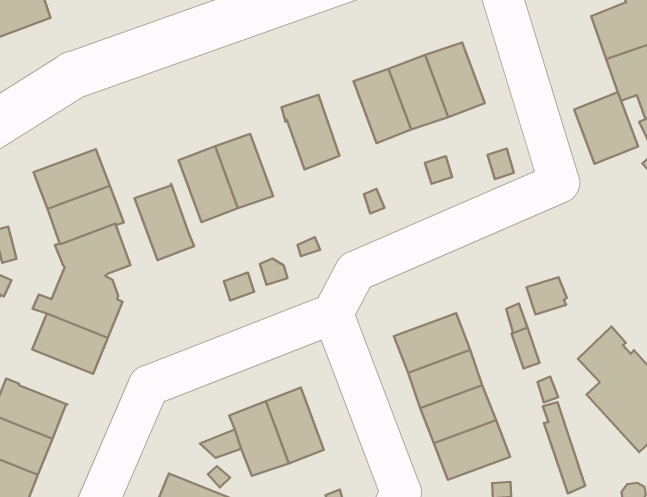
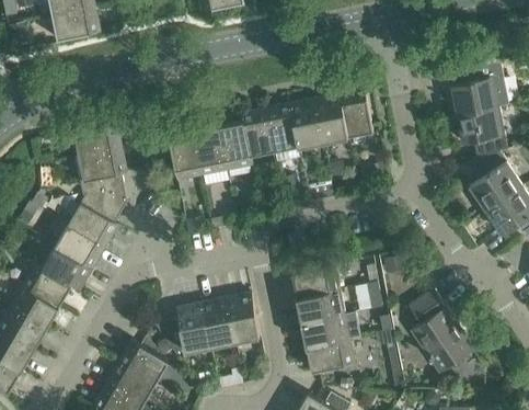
building: none -> [266,105,299,152]
building: [574,92,638,164] -> none
building: [134,184,194,260] -> [218,124,252,172]
building: none -> [43,248,92,292]
building: none -> [226,295,260,342]

